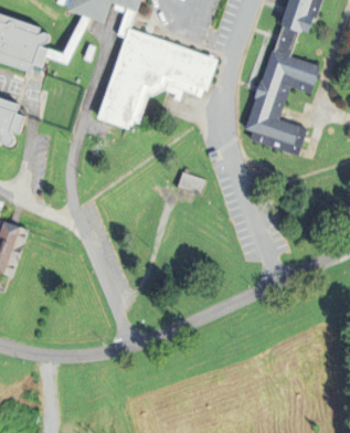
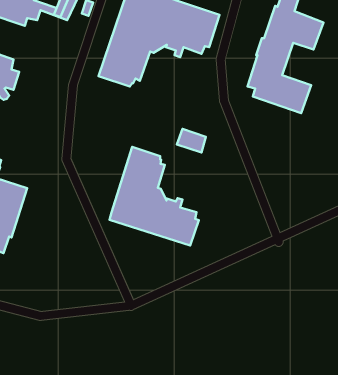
building: none -> [109,147,199,246]

